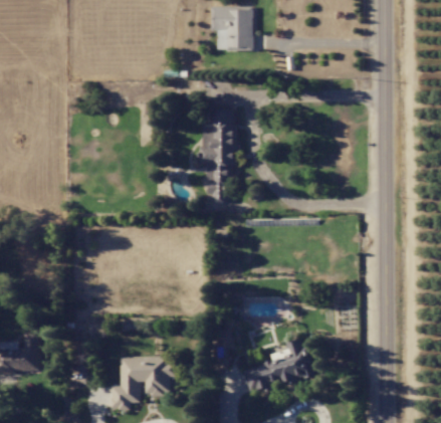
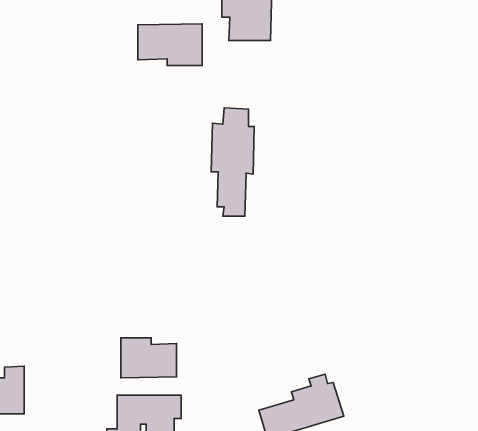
building: none -> [138,24,202,66]
building: none -> [121,338,176,378]

